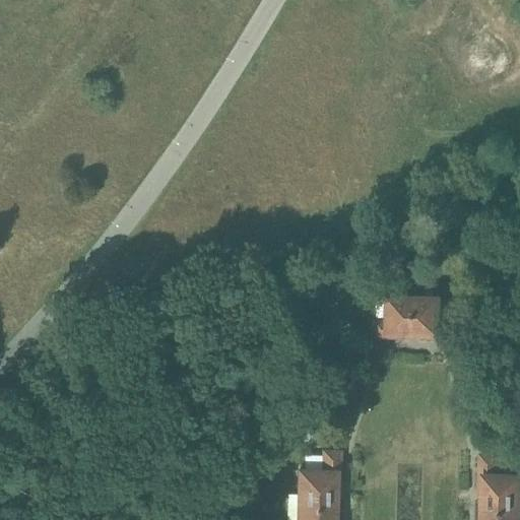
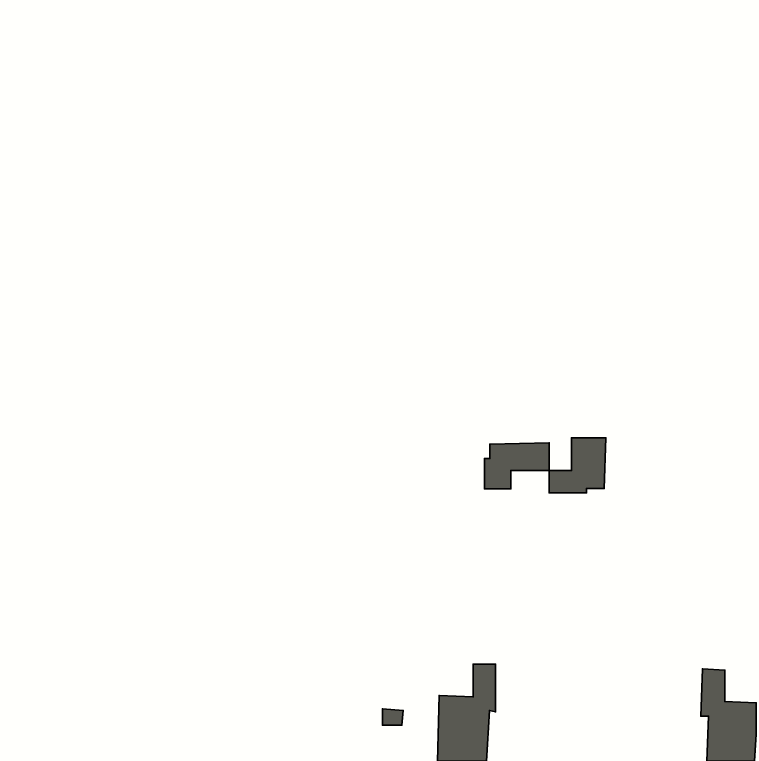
building: [412,299,449,338] -> none
building: none -> [485,443,549,489]

